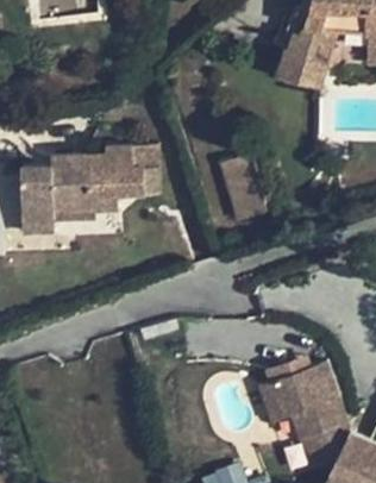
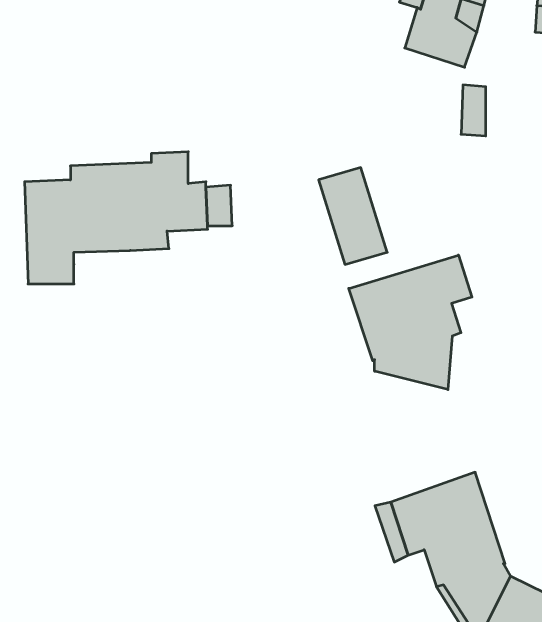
building: none -> [349,255,472,390]

